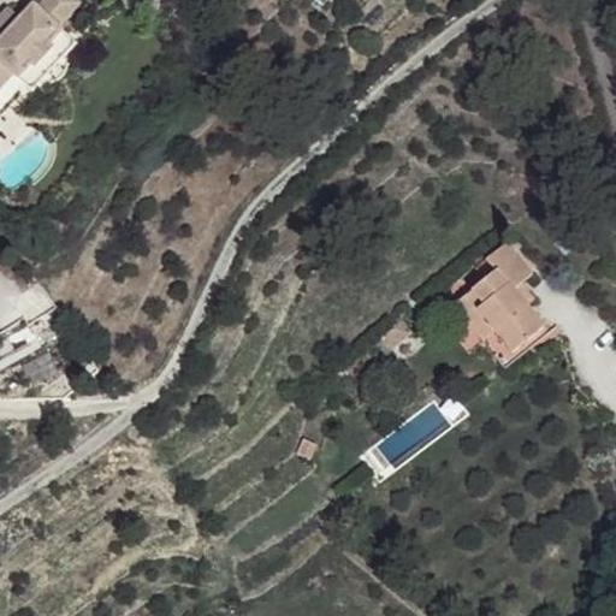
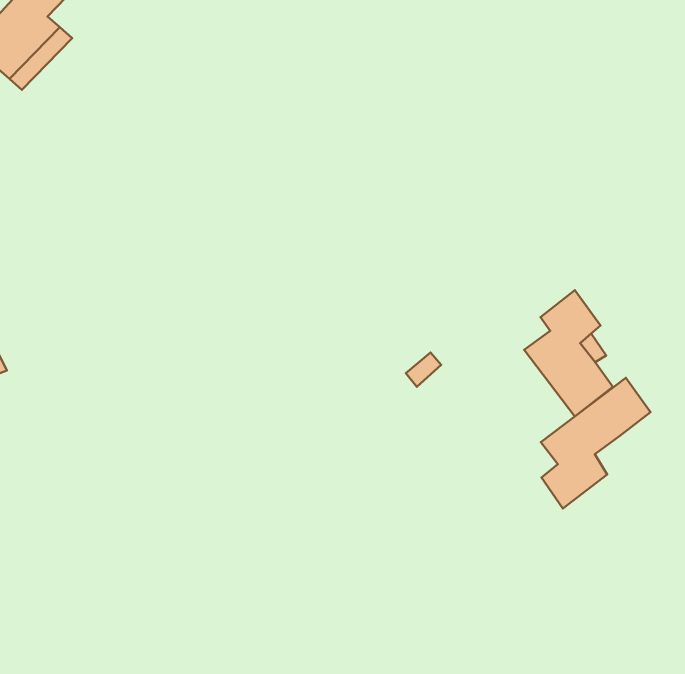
building: none -> [541,378,650,509]

